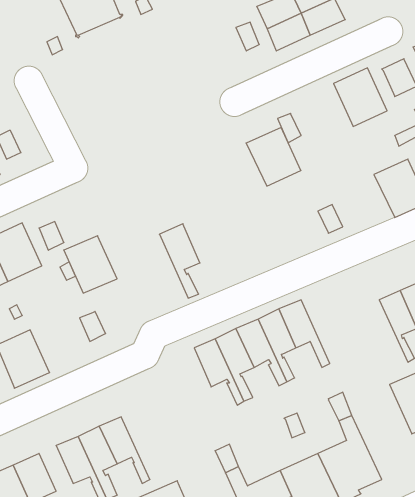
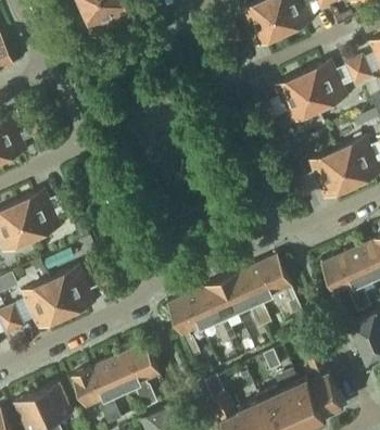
building: [246,127,301,186] -> [275,74,320,123]
building: none -> [309,150,355,199]
building: [159,224,200,298] -> [168,294,202,356]
building: [64,236,117,293] -> [51,267,96,315]
building: none -> [325,254,366,309]
building: none -> [127,343,160,404]

